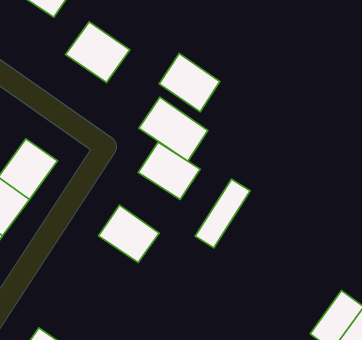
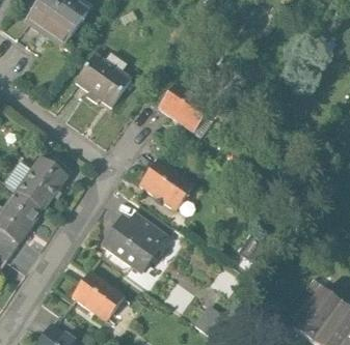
building: [139,97,208,161] -> none
building: [195,179,250,248] -> none
building: none -> [74,268,127,319]

